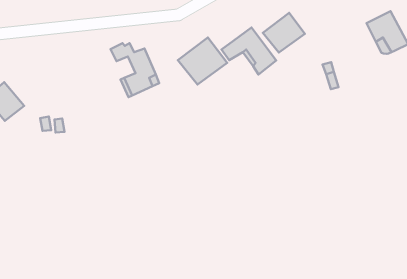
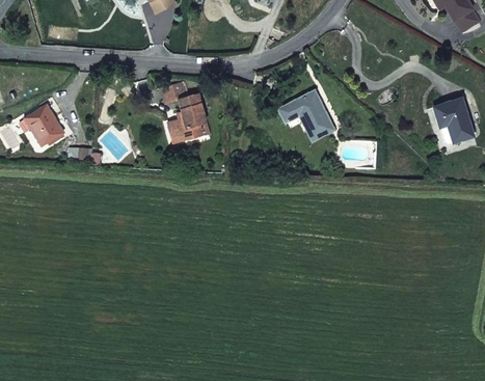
building: [263,13,305,53] -> none
building: [178,37,227,84] -> none

